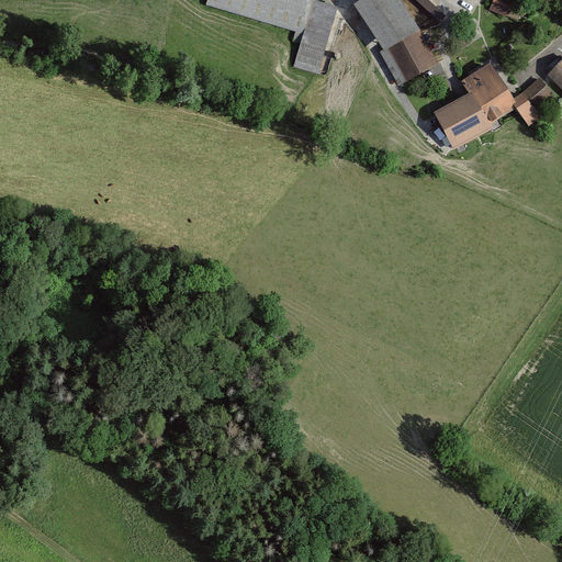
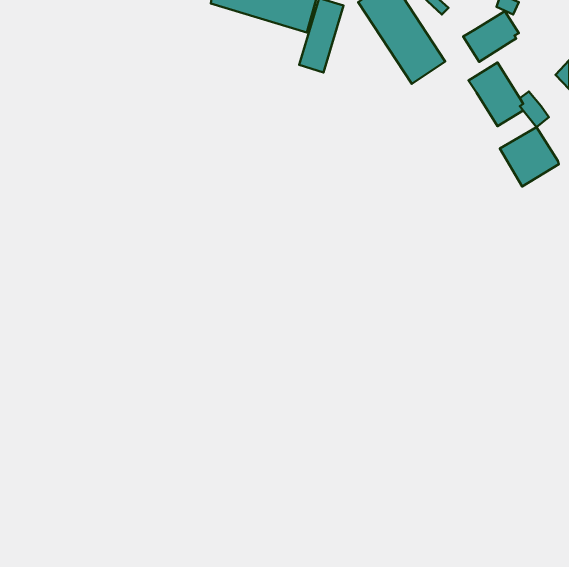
building: none -> [463,11,519,62]
building: [520,75,551,104] -> none
building: [432,91,491,149] -> [500,127,559,186]

